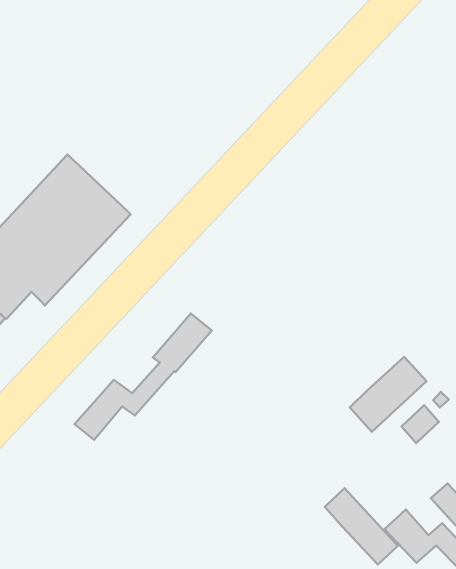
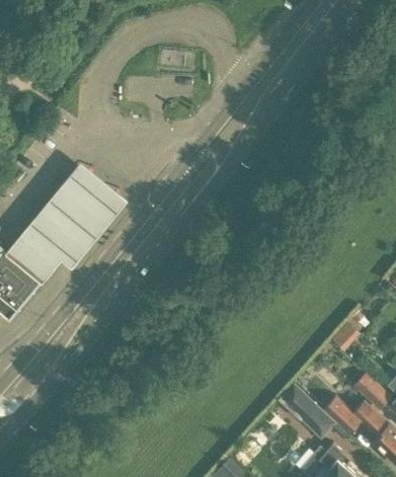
building: [74,314,212,440] -> none
building: [350,357,426,432] -> none

